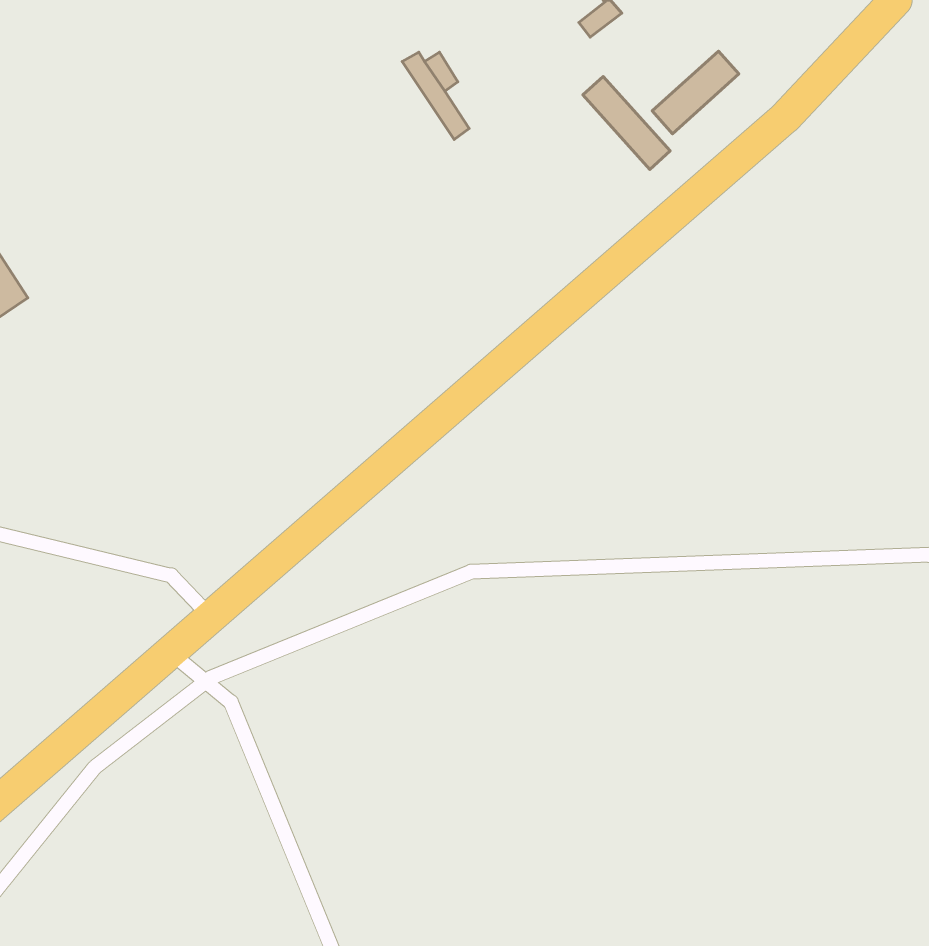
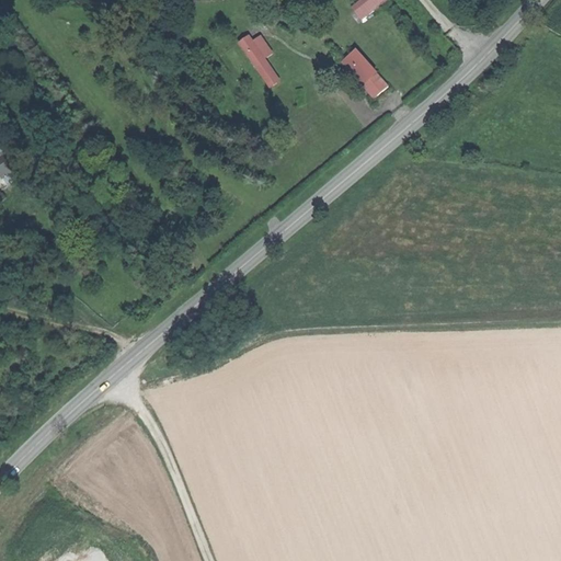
building: [652,51,739,134] -> none

